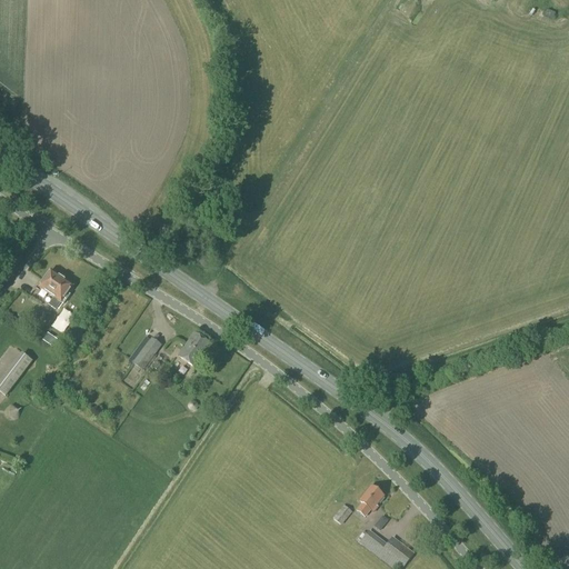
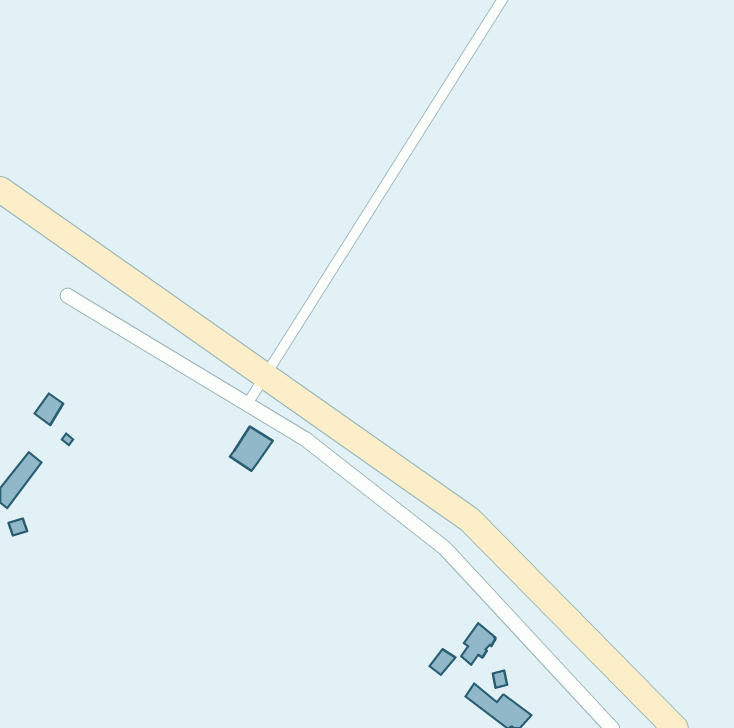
building: [39,267,72,306] -> none
building: [129,333,161,368] -> none

